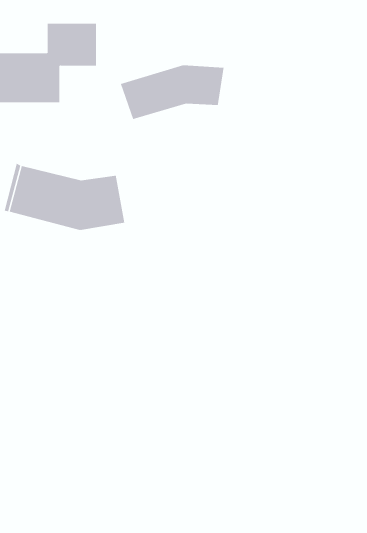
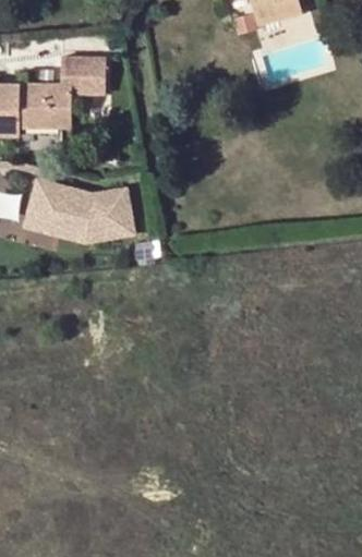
building: [120,64,224,120] -> none

